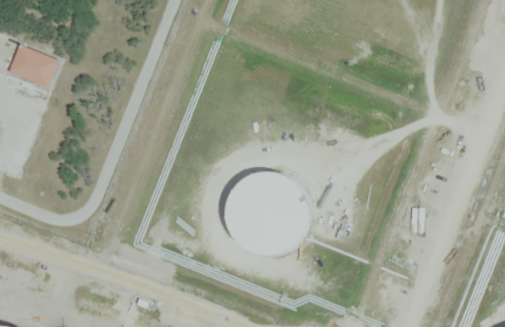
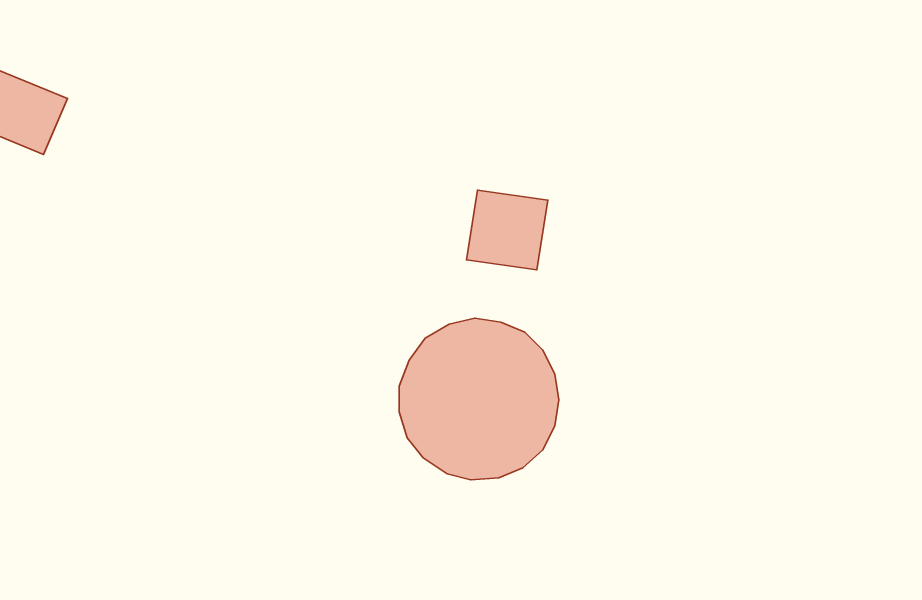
building: none -> [467,190,548,270]

